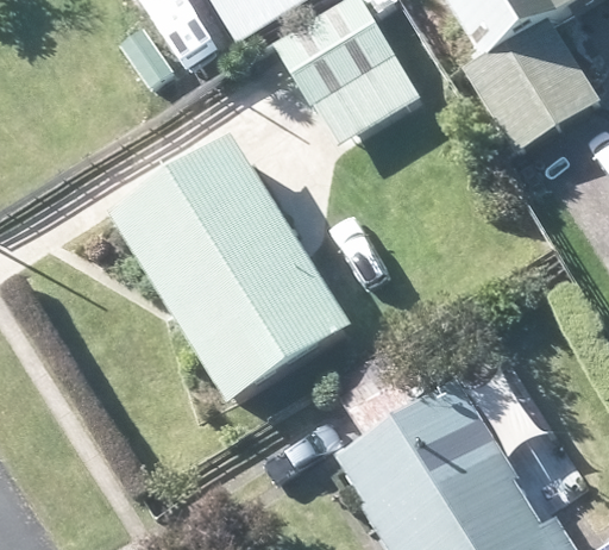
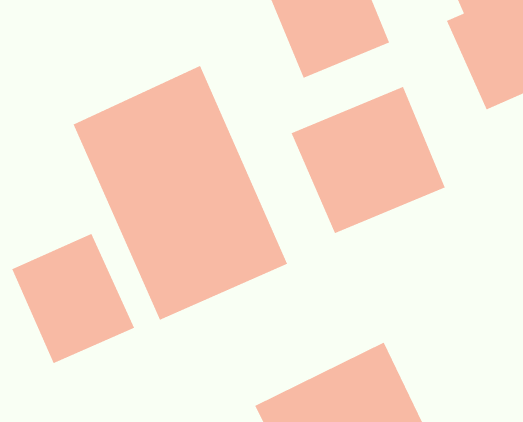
building: none -> [291,86,446,234]
building: none -> [11,233,135,364]

